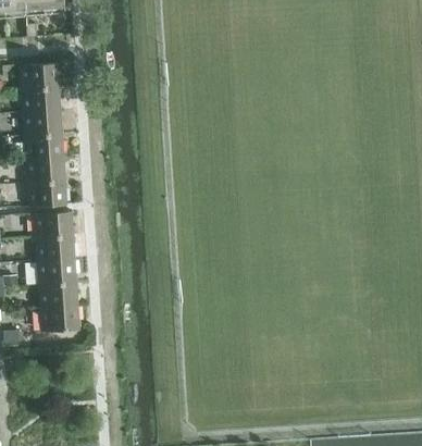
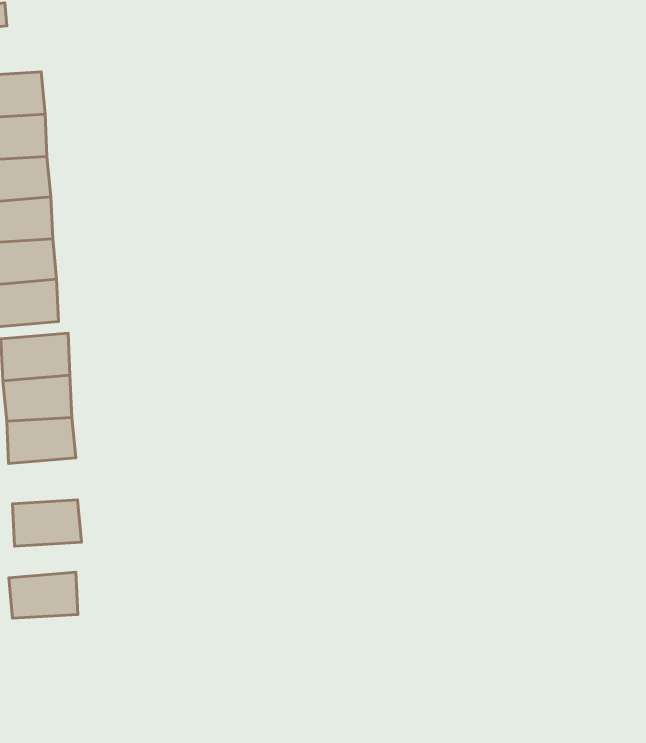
building: [39,281,78,307] -> [9,572,78,618]

